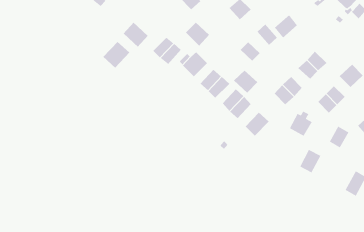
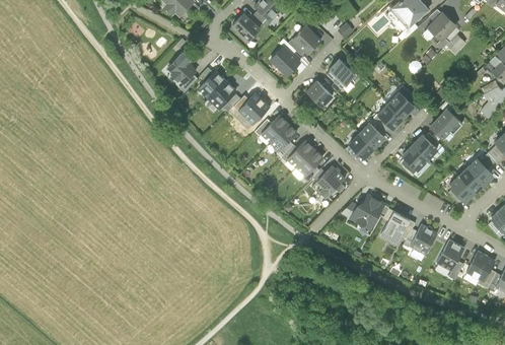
building: [274,14,298,39] -> none
building: [185,22,210,47] -> [272,46,302,76]
building: [103,41,130,68] -> none
building: [233,70,258,94] -> none
building: [289,110,313,137] -> [352,197,381,229]
building: [329,125,349,149] -> [413,225,438,254]

